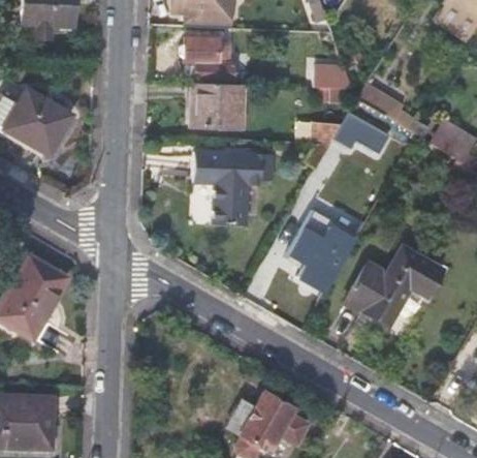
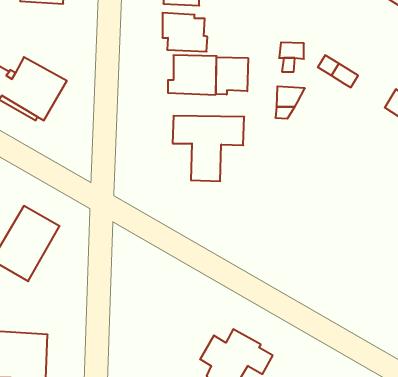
building: none -> [216,57,248,95]
building: [337,110,392,152] -> none
building: [289,214,357,291] -> none
building: [347,245,445,326] -> none

